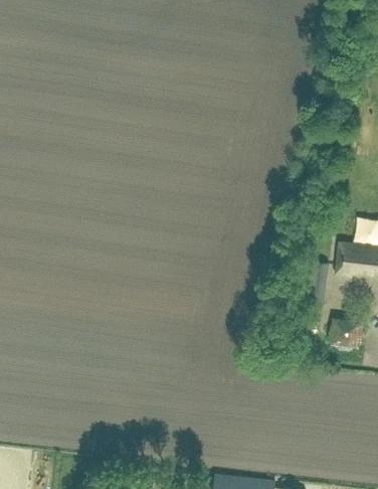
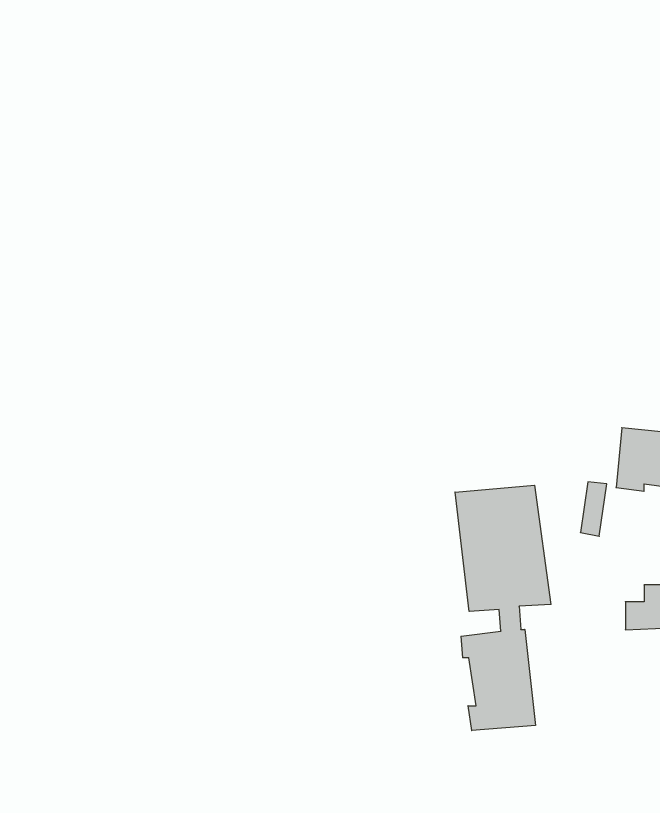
building: none -> [455,485,551,731]

